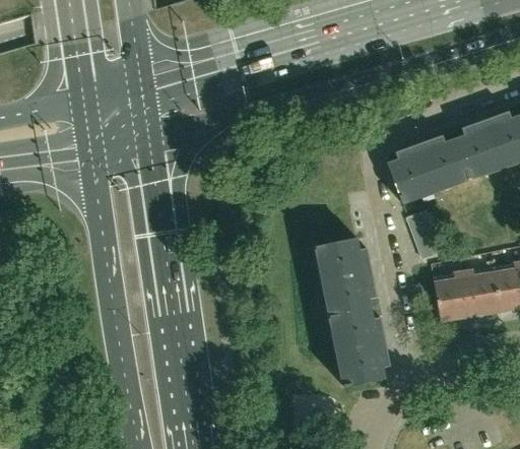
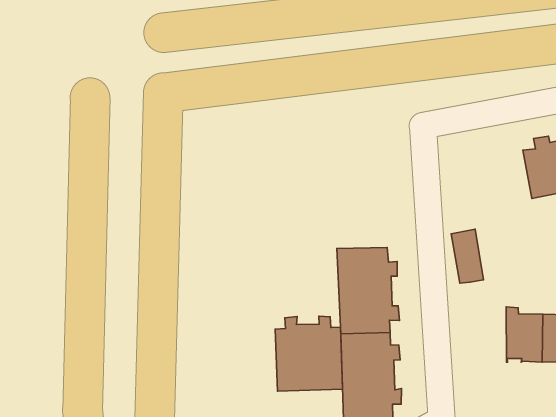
building: [387,134,468,201] -> none
building: [434,270,470,320] -> none
building: none -> [275,316,342,391]

